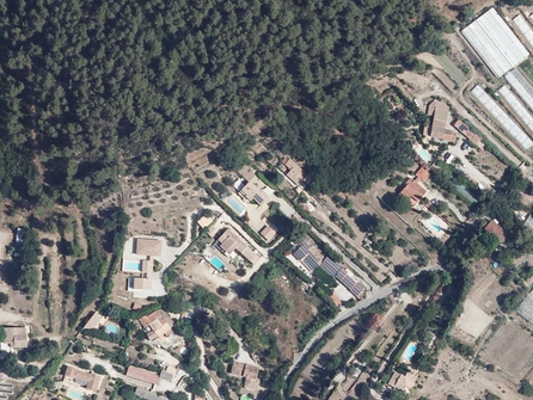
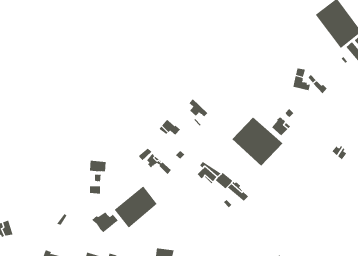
building: none -> [231,117,283,166]
building: none -> [114,185,158,228]

